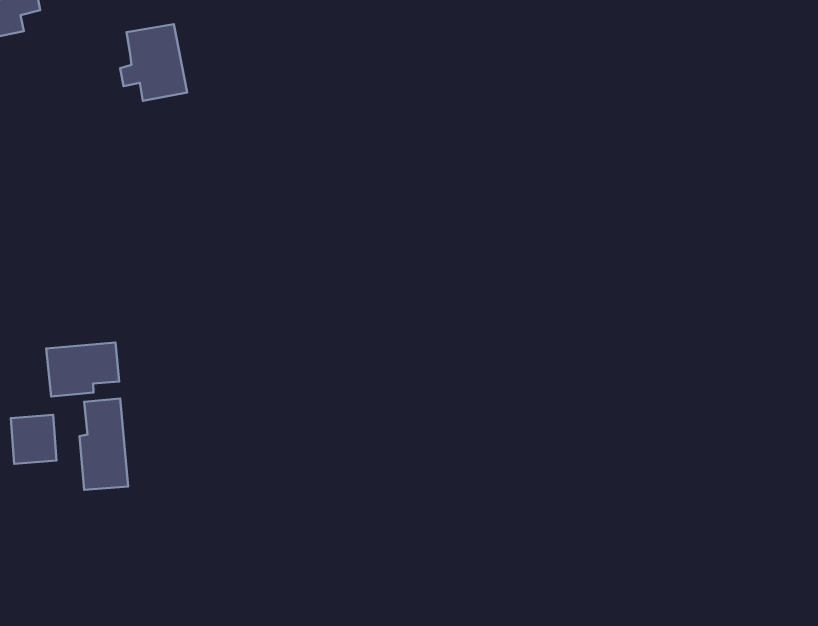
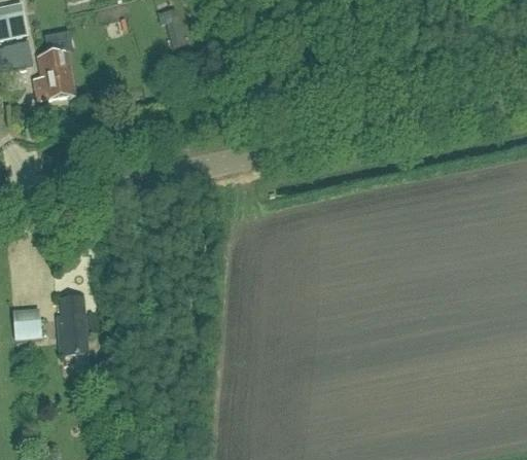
building: [120,24,187,101] -> [32,49,74,98]
building: [46,342,119,396] -> none

